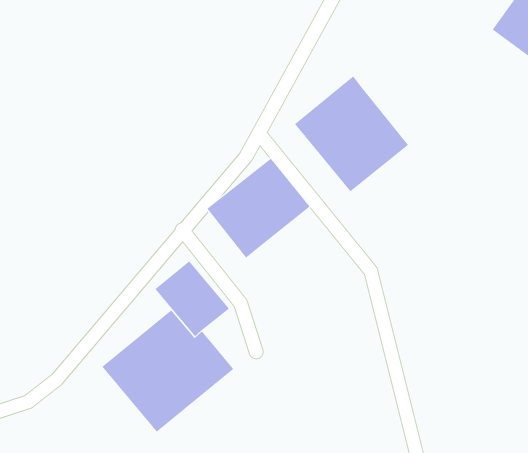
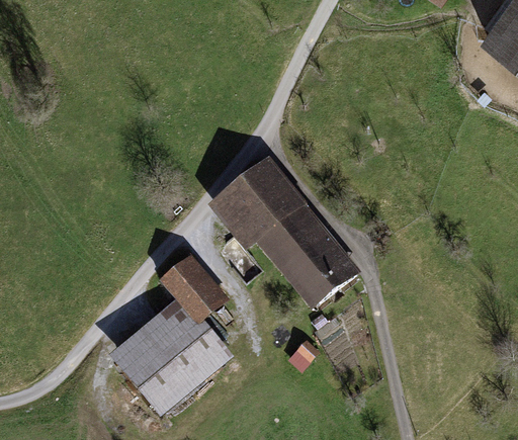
building: [294,76,409,192] -> none
building: none -> [256,201,361,311]

